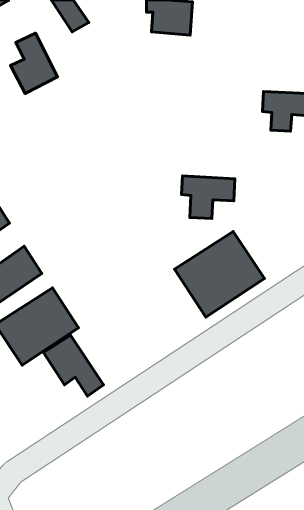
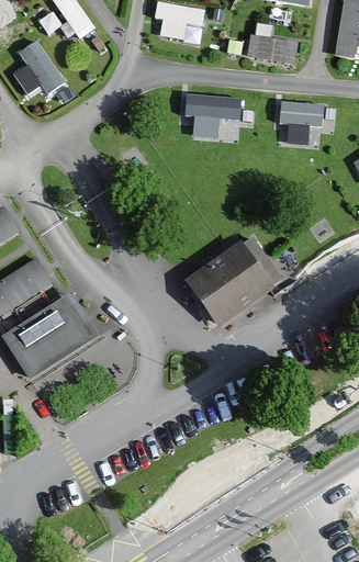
building: none -> [248,34,298,61]
building: [181,176,235,219] -> [186,91,242,136]
building: [43,335,103,396] -> none

